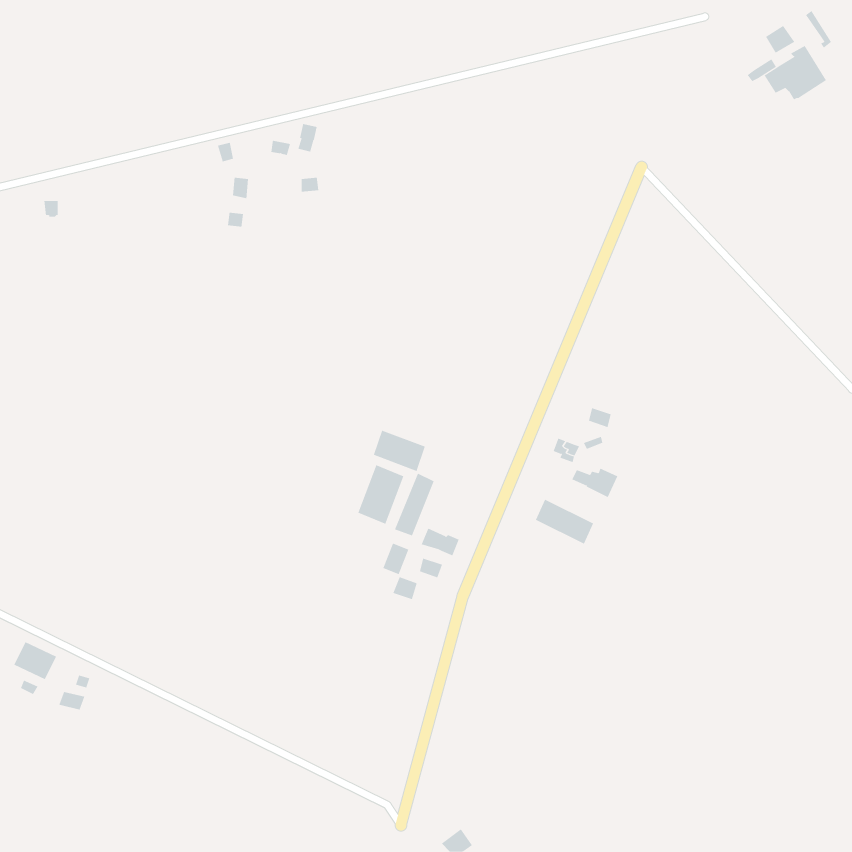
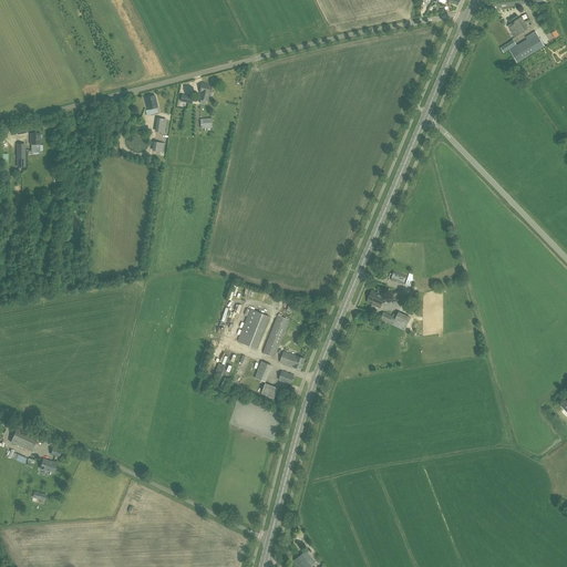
building: [373,430,426,472] -> none
building: [535,499,594,545] -> none

